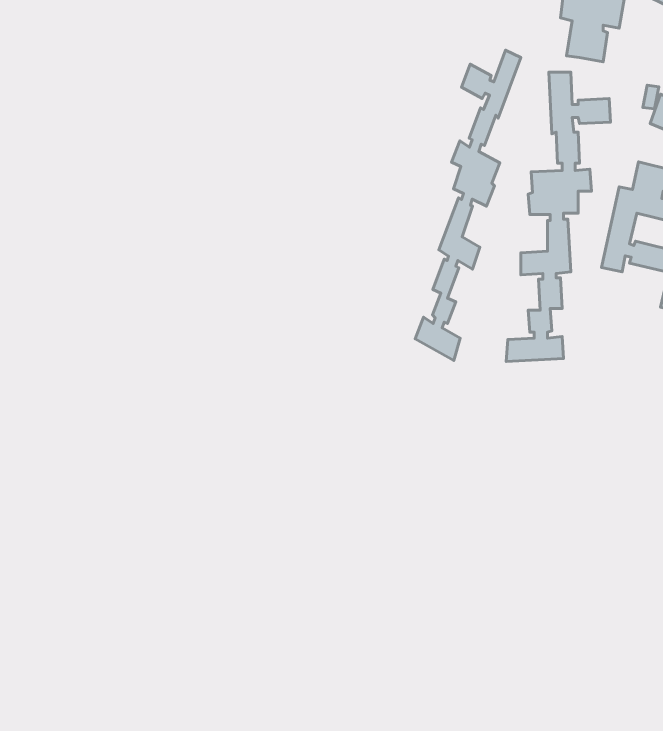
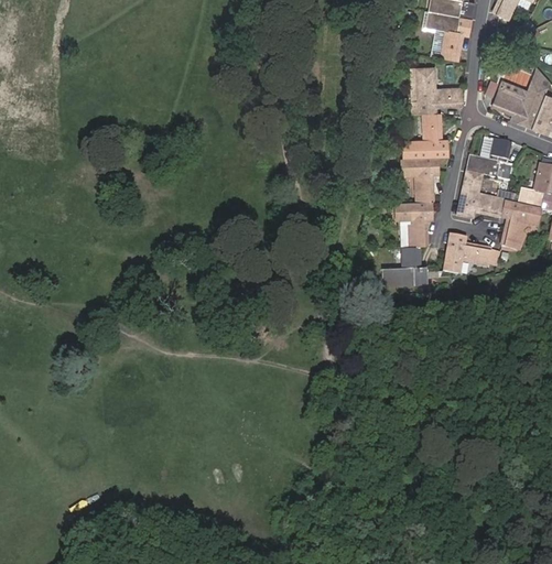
building: [415,50,521,361] -> none
building: none -> [444,234,491,273]

